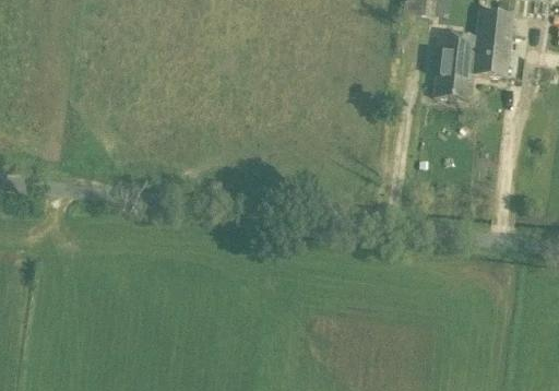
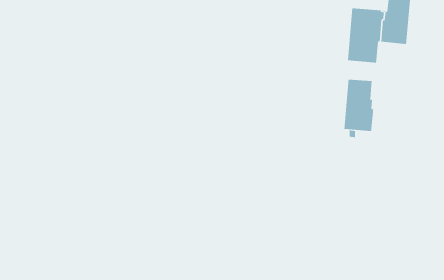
building: none -> [344,79,376,132]

